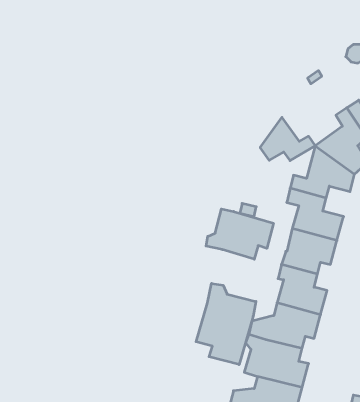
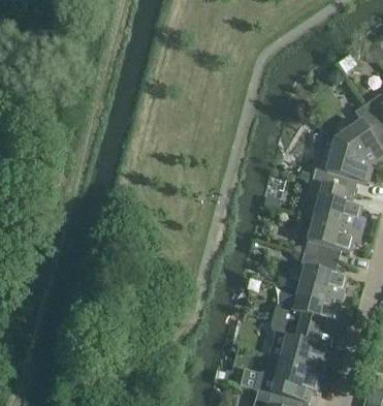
building: [260,117,315,161] -> none
building: [206,209,273,259] -> none
building: [196,283,256,365] -> none

